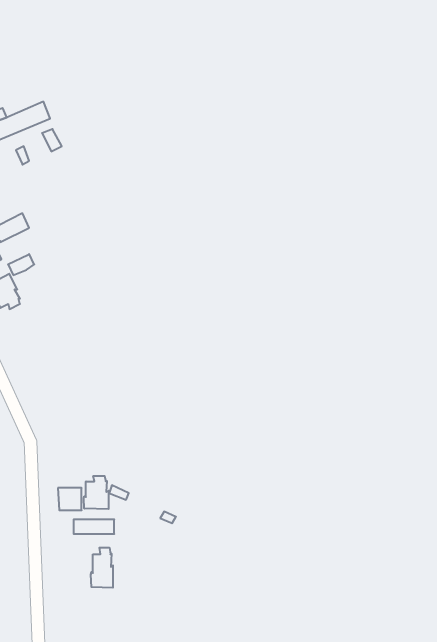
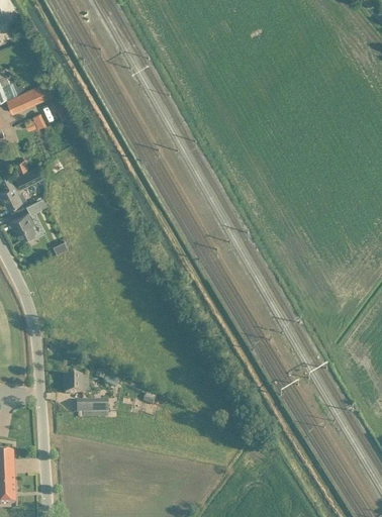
building: [84,476,109,509] -> none
building: [91,548,113,588] -> none

